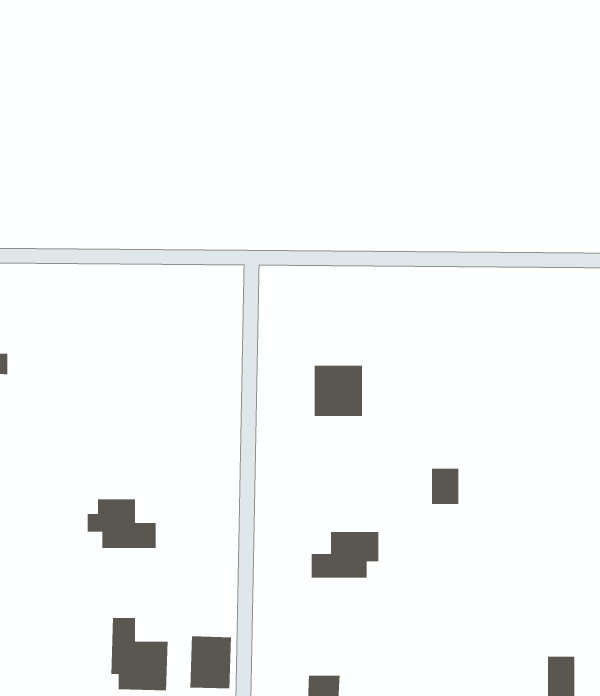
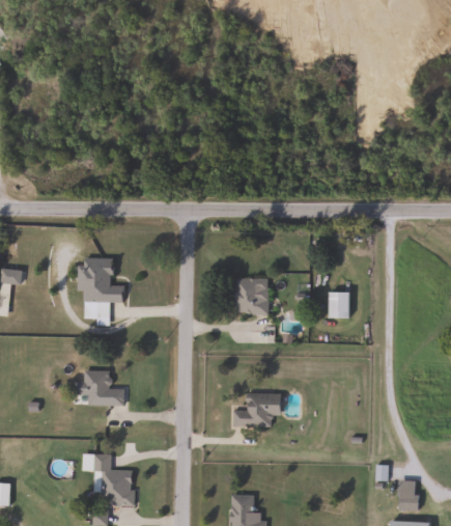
building: none -> [79,257,123,324]
building: [431,468,459,505] -> [330,292,349,317]
building: [190,636,232,689] -> none

